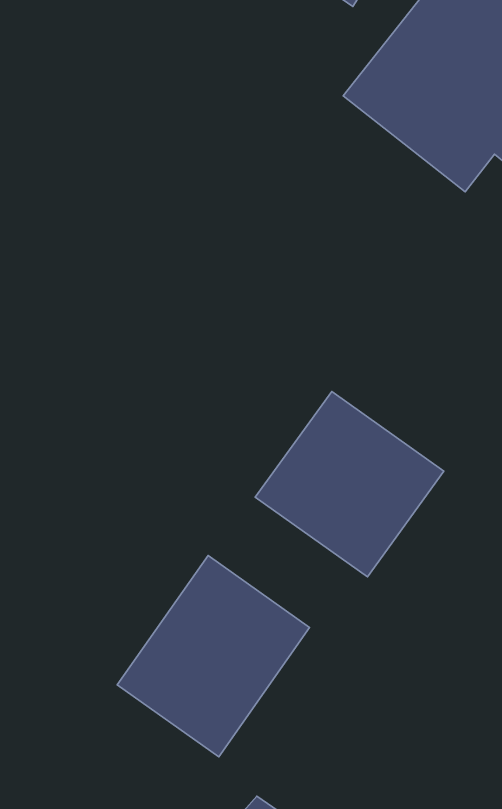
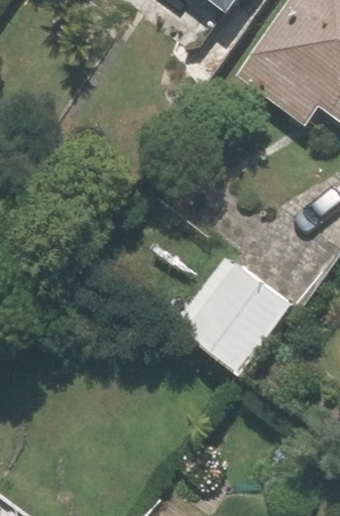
building: [117,555,310,757] -> none

